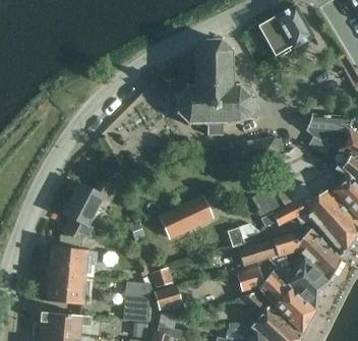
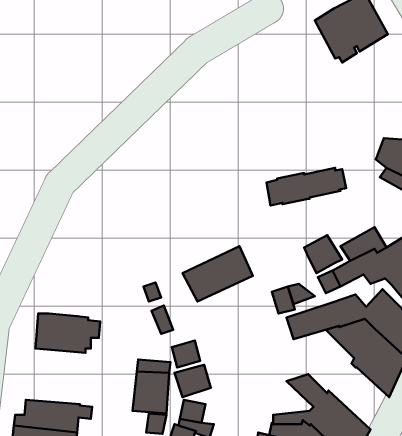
building: [175,41,256,135] -> none
building: [62,182,116,239] -> none
building: [236,267,315,333] -> none
building: [47,274,86,305] -> none

